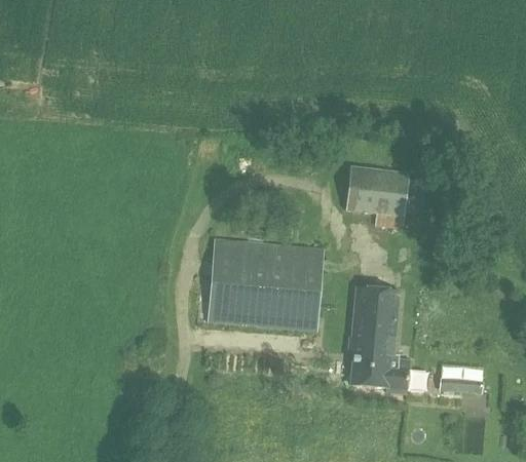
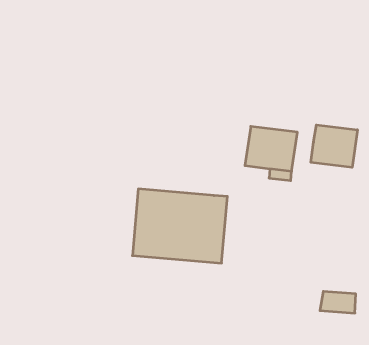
building: none -> [311,125,357,167]
building: [350,286,409,393] -> none

